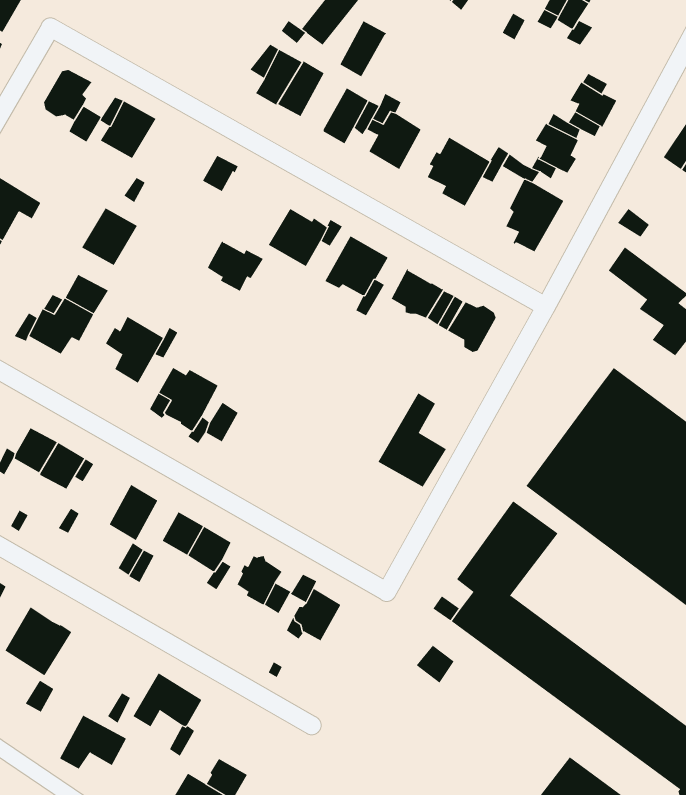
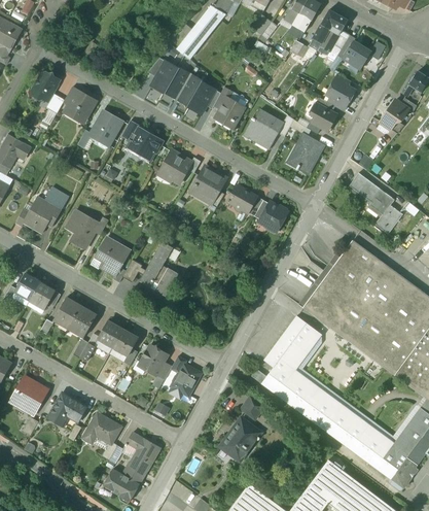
building: none -> [343,41,370,67]
building: [339,21,387,77] -> [177,74,204,106]
building: [81,207,138,266] -> [91,110,122,143]
building: [207,240,264,292] -> [131,130,163,159]
building: [377,393,447,488] -> [140,242,179,296]
building: none -> [53,298,81,329]
building: none -> [220,418,260,459]
building: none -> [128,434,159,470]
building: [59,715,127,770] -> [48,393,86,423]

